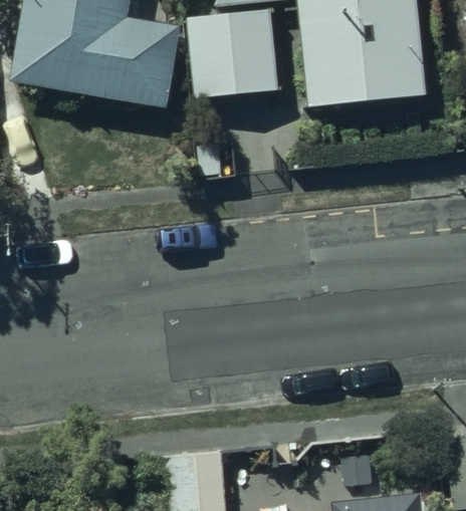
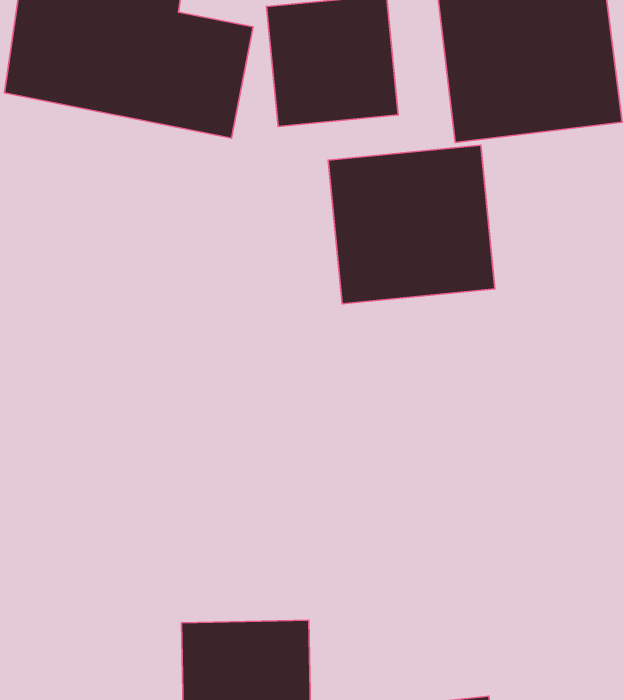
building: none -> [328,145,495,304]

